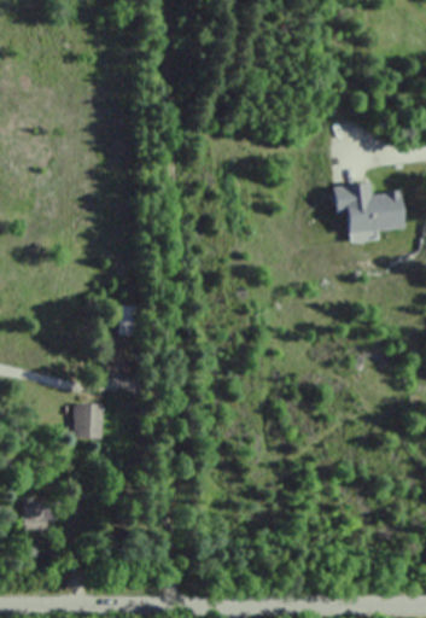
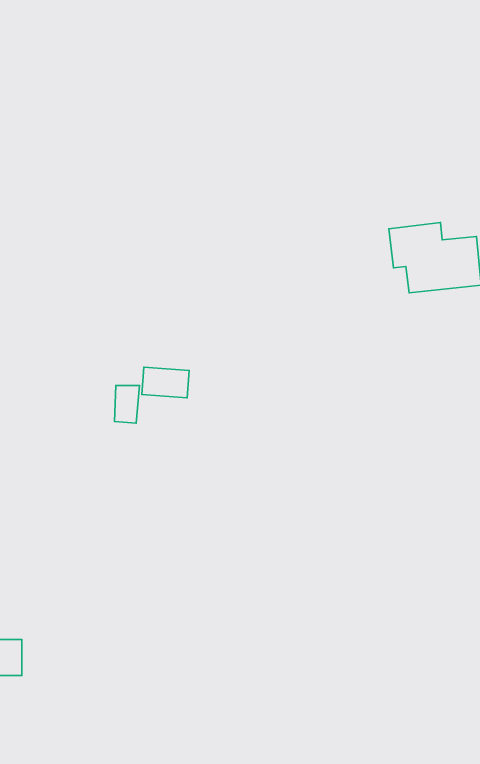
building: none -> [142,367,189,398]
building: [76,404,105,438] -> none

